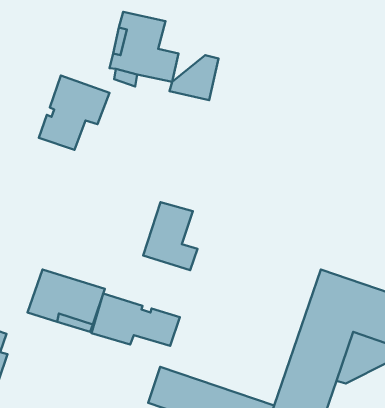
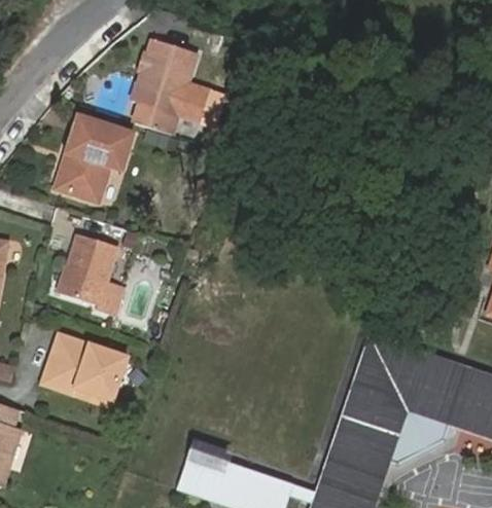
building: [170,55,218,100] -> none
building: [143,202,197,270] -> [57,233,117,310]
building: [91,293,180,346] -> none

